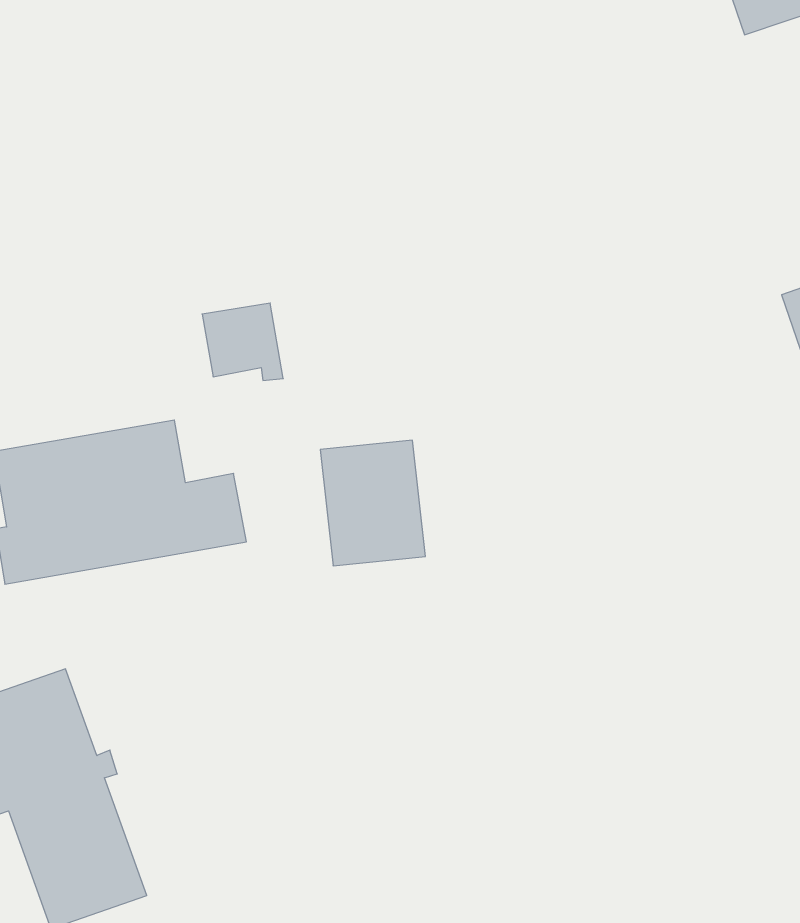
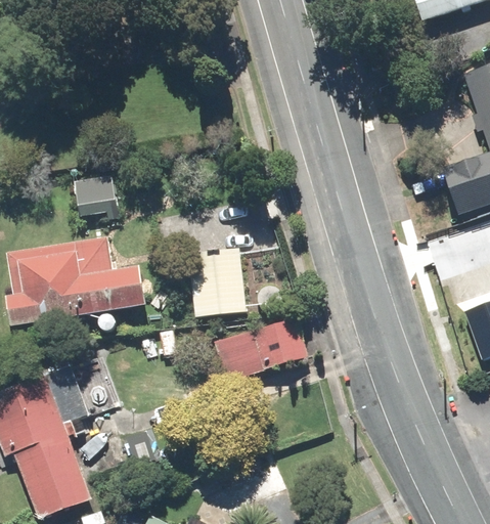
building: [202,303,283,380] -> [75,174,120,217]
building: none -> [215,316,308,380]

